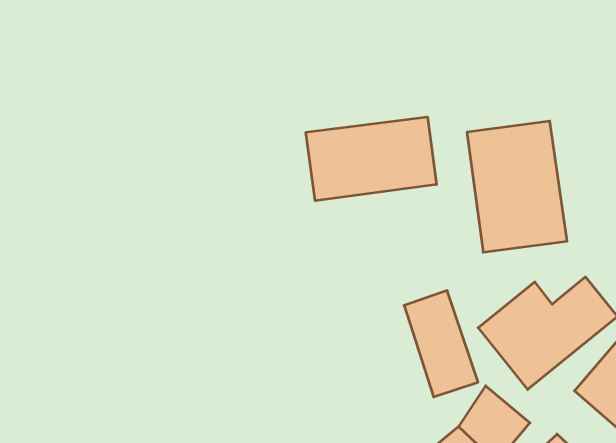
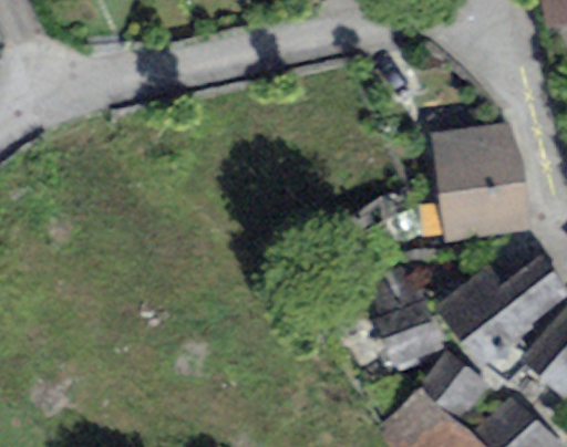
building: [306,117,436,201] -> none

